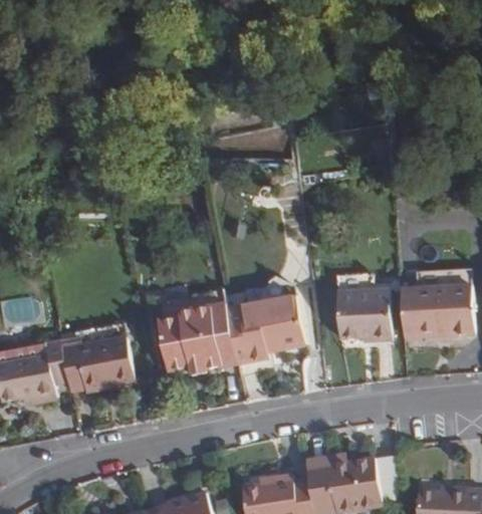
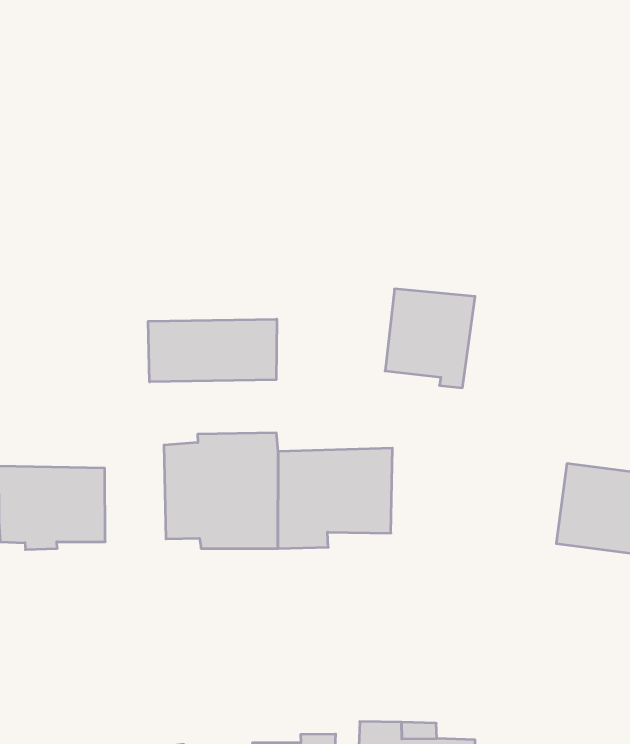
building: none -> [148,319,277,382]
building: [338,284,390,341] -> [385,289,475,388]

